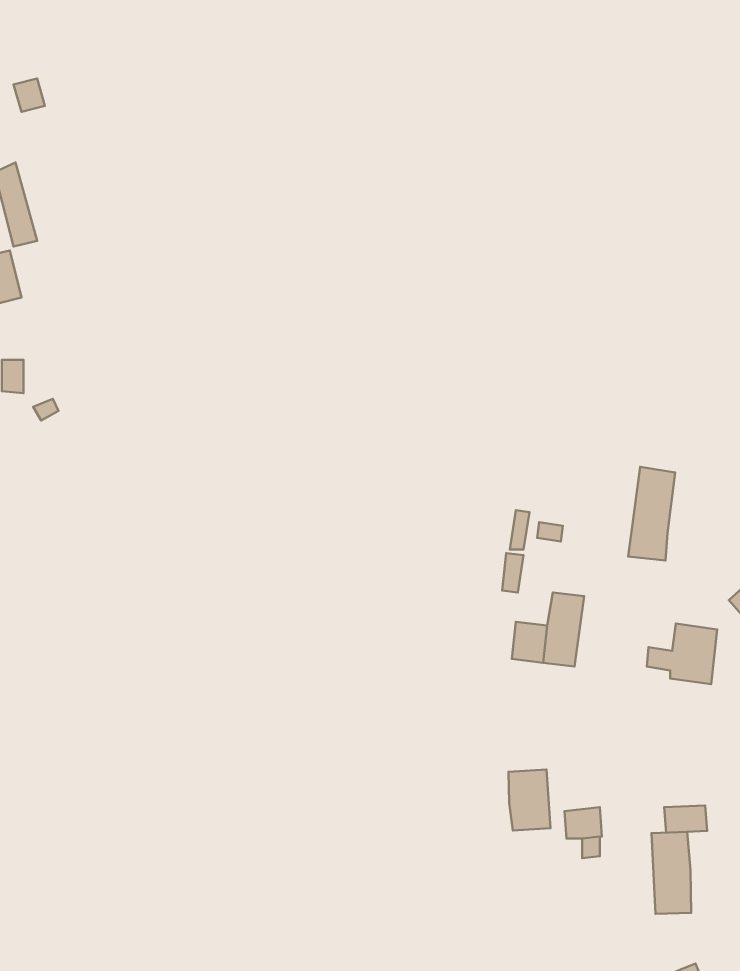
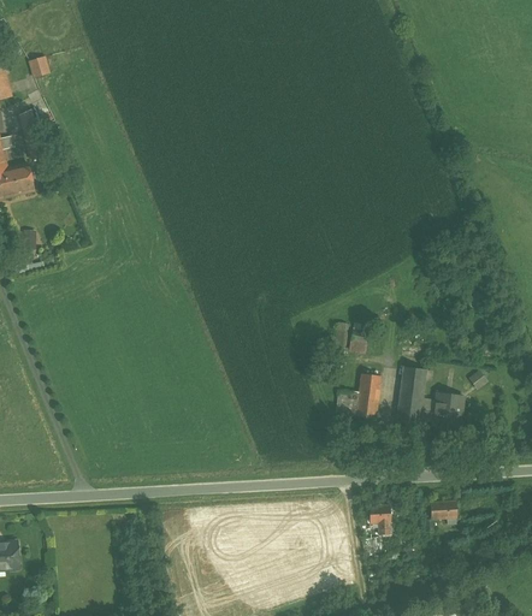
building: [628,467,675,561] -> [397,365,426,422]
building: [509,769,551,830] -> none
building: [652,832,691,914] -> none

